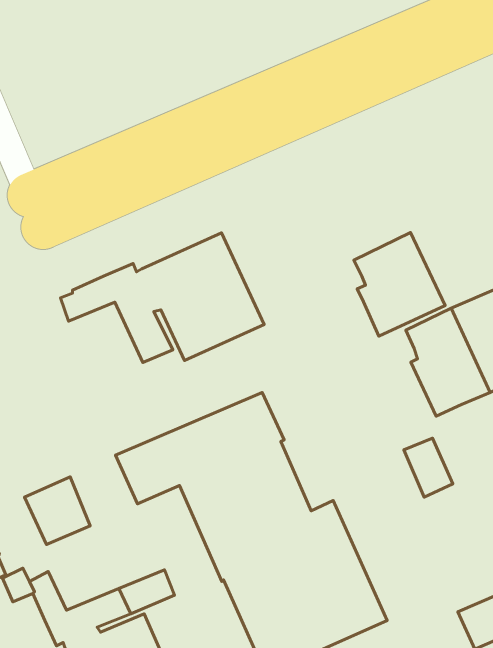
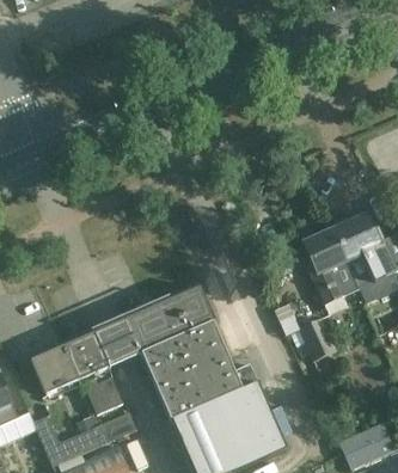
building: [354,232,445,336] -> none
building: [60,233,264,362] -> none
building: none -> [62,330,123,412]

